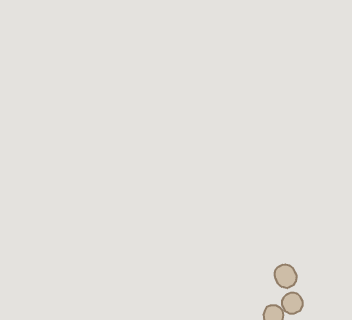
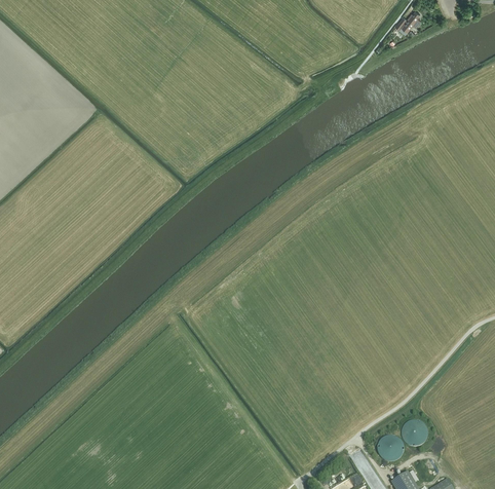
building: [275,264,297,288] -> none

